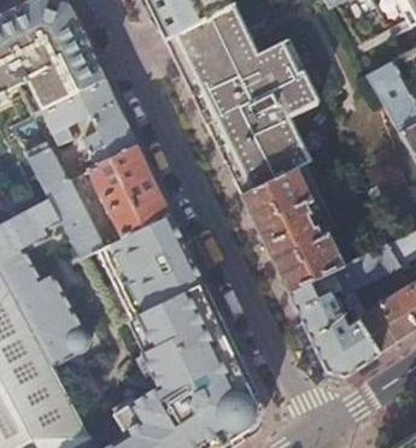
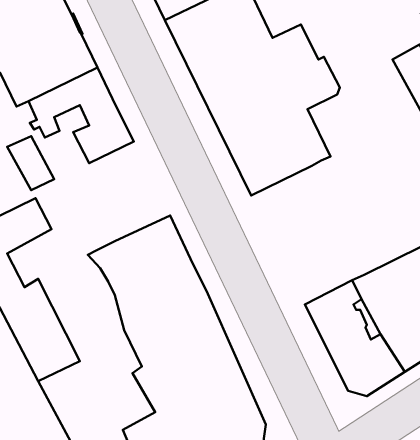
building: [88,147,170,236] -> none
building: [242,169,344,293] -> none
building: [46,179,104,255] -> none

